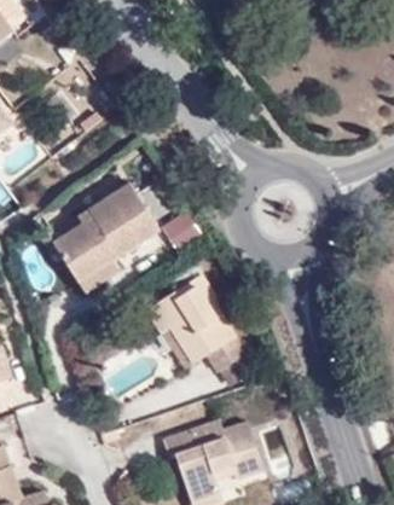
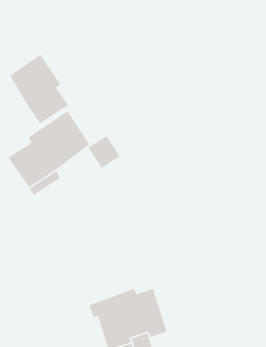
building: none -> [9,54,69,124]
building: [146,275,247,371] -> none

